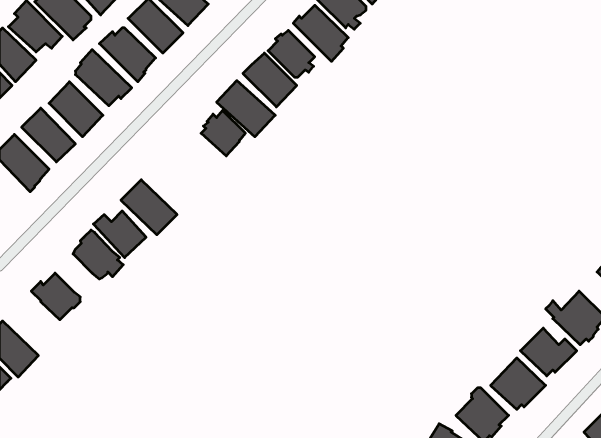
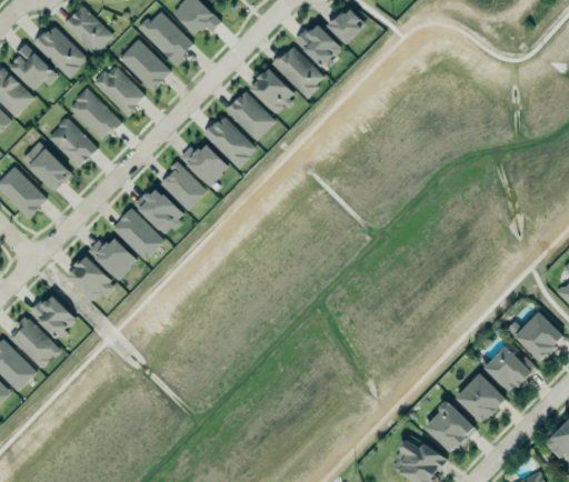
building: none -> [159,162,207,211]
building: none -> [134,185,184,235]
building: none -> [7,317,60,369]

